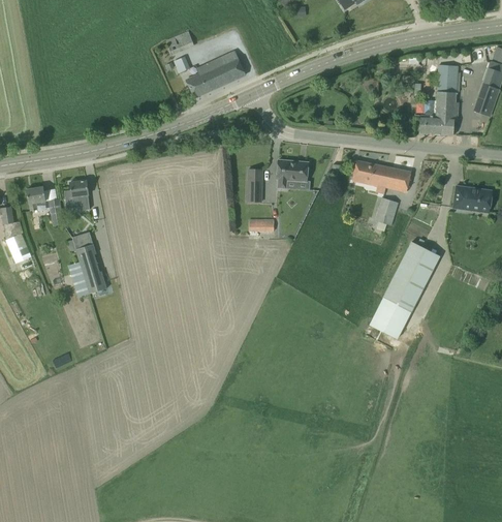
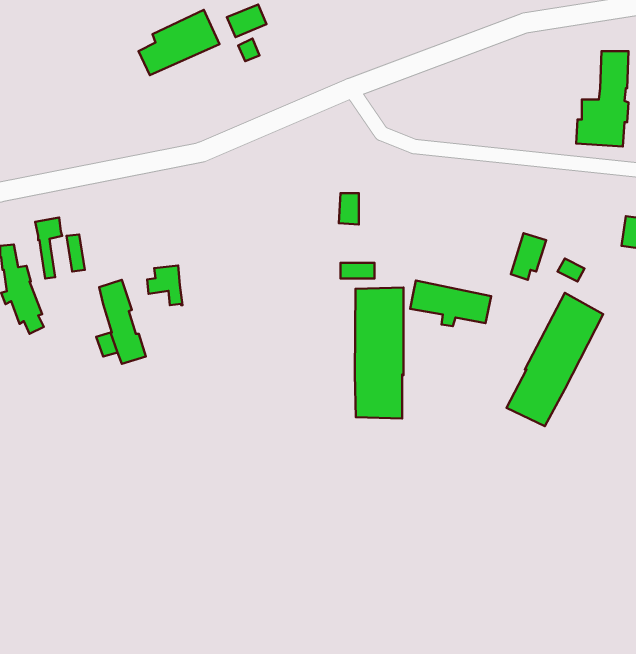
building: [186,50,245,97] -> [138,10,219,75]
building: [277,159,308,188] -> none
building: [352,160,411,193] -> [410,281,491,326]
building: [64,180,90,209] -> [147,265,183,305]
building: none -> [355,288,404,418]

